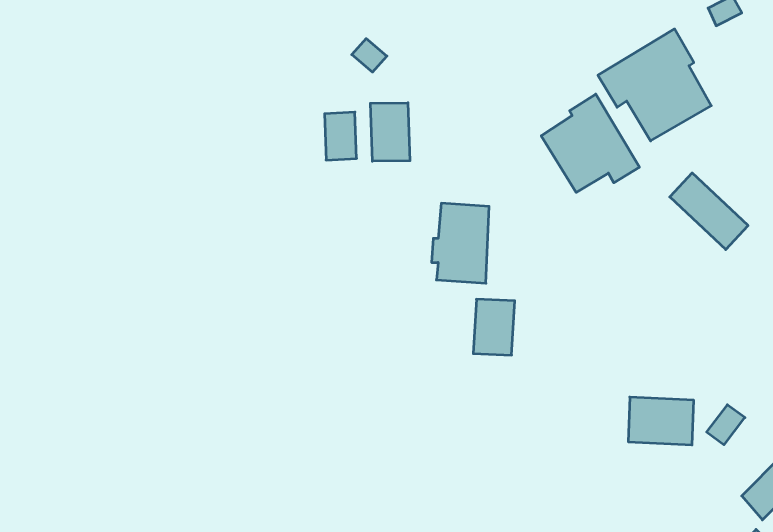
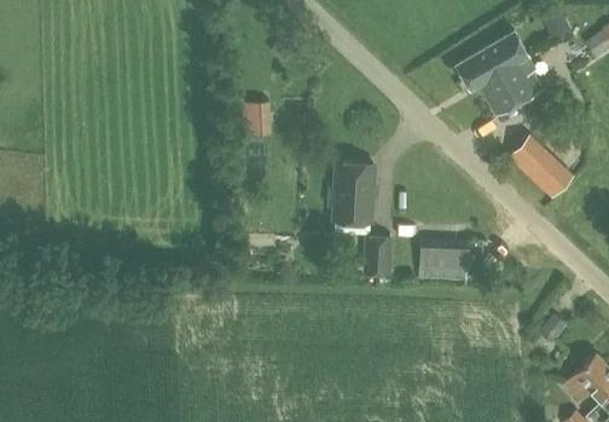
building: [541,94,639,192] -> none
building: [370,103,410,161] -> none
building: [628,397,694,445] -> [419,241,469,277]

